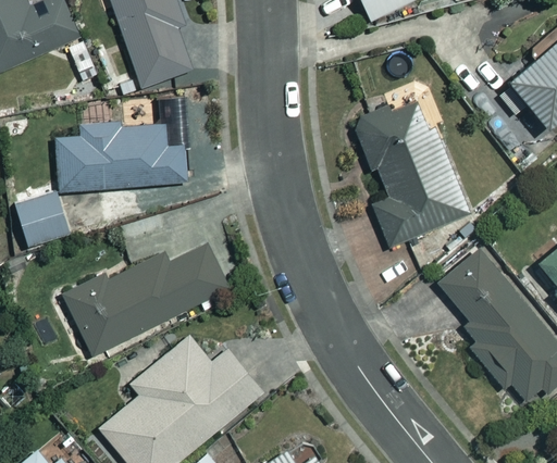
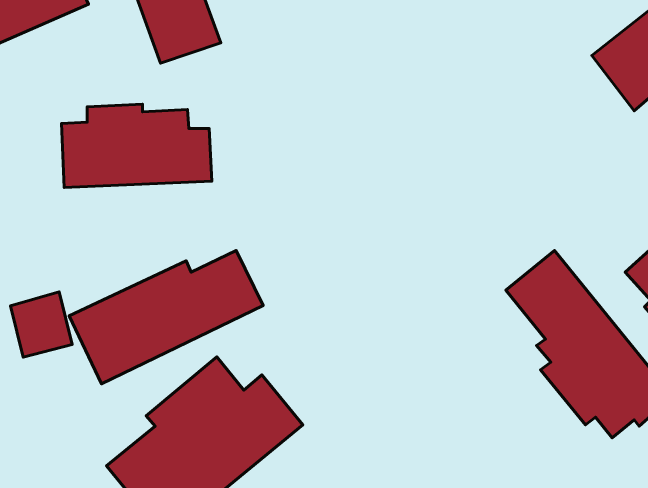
building: [350,99,468,248] -> none
building: [17,191,70,247] -> [10,292,72,357]

